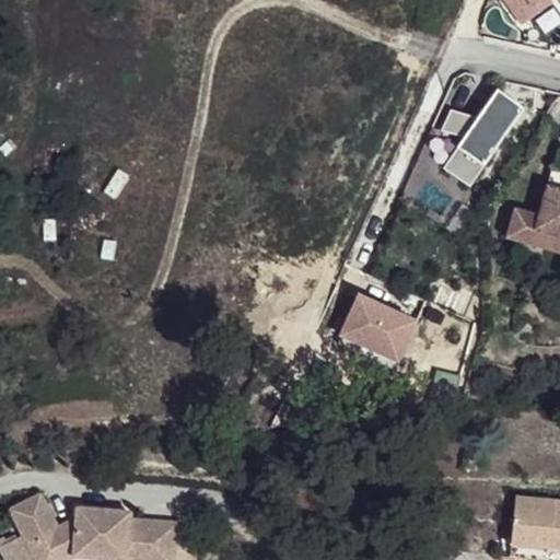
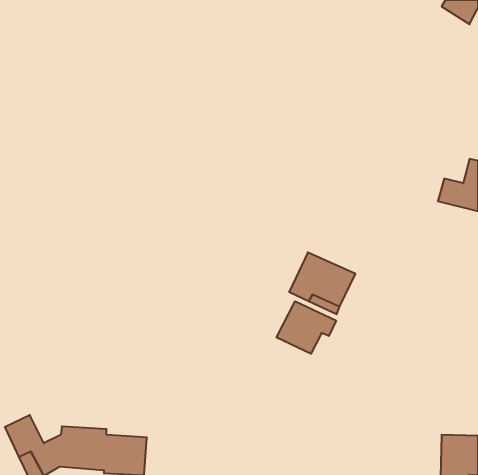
building: [439,91,524,190] -> none
building: none -> [277,301,336,354]

